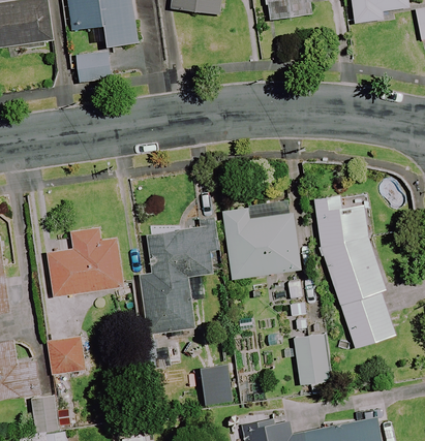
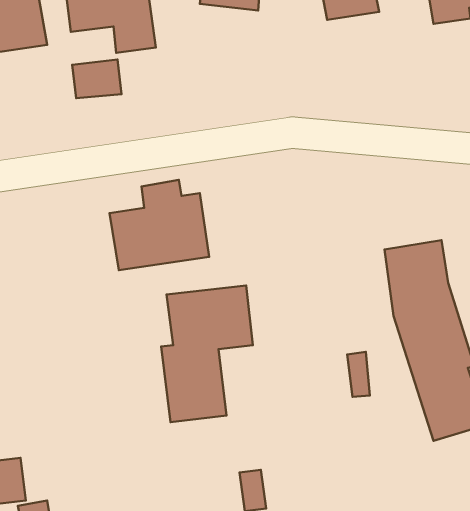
building: [222,208,300,279] -> none
building: [45,226,123,296] -> [110,180,209,270]
building: [293,334,330,384] -> none
building: [47,336,84,374] -> none

